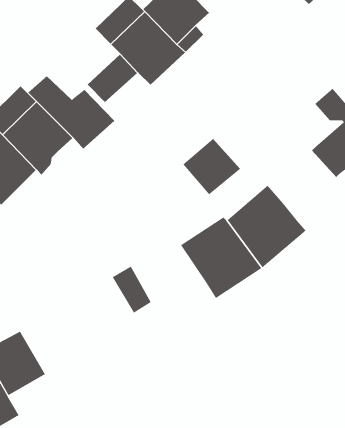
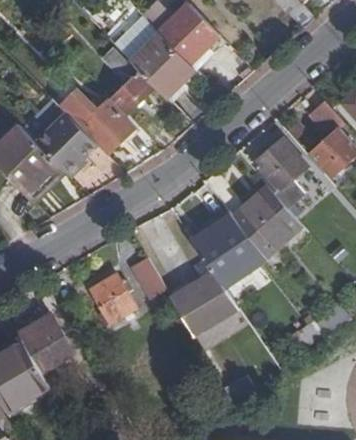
building: [183,138,241,195] -> [255,138,306,188]
building: none -> [171,272,238,334]
building: none -> [90,273,135,318]

